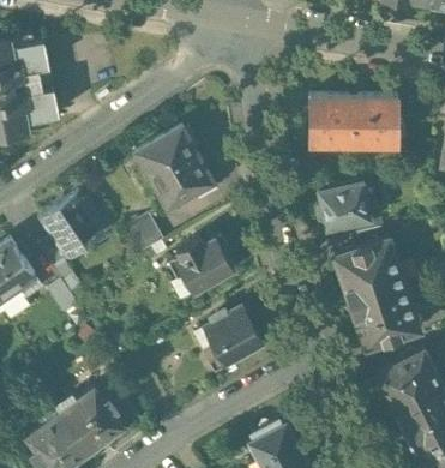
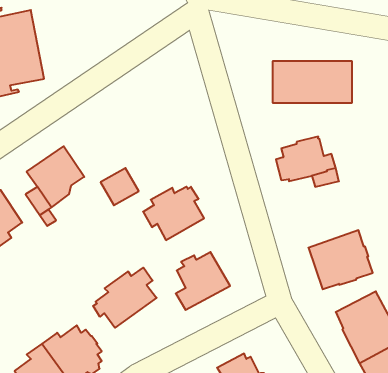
building: [137,126,216,208] -> none
building: [335,239,405,304] -> none
building: none -> [93,268,157,328]

